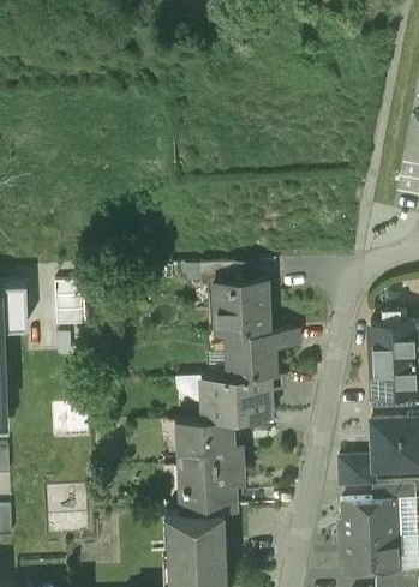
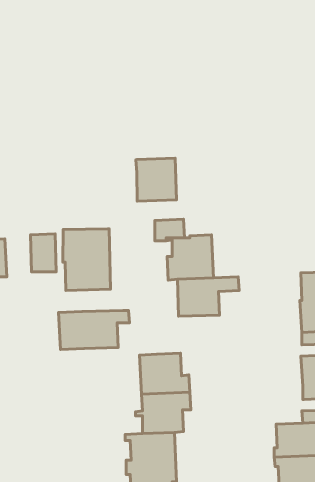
building: none -> [136,158,177,201]
building: none -> [63,229,111,291]
building: [199,377,282,423] -> [59,310,129,350]
building: [339,460,373,490] -> none

